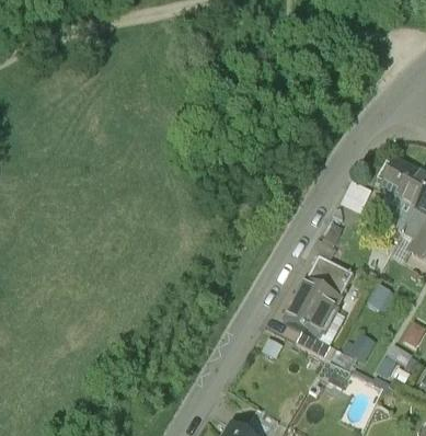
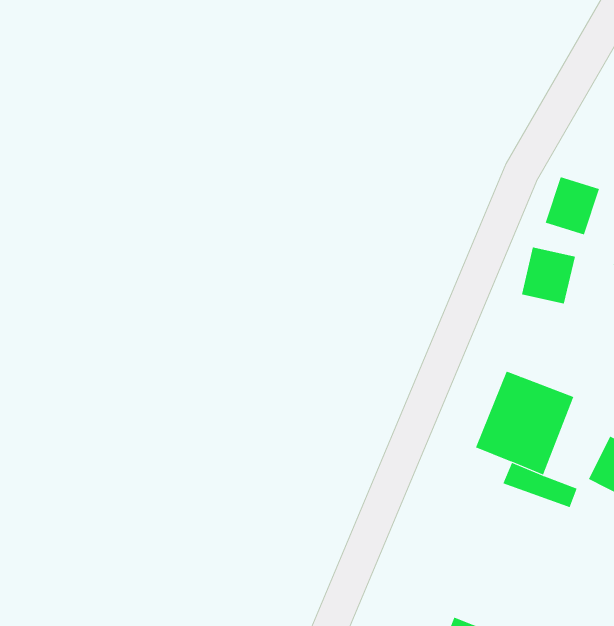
building: [315,255,356,298] -> none

